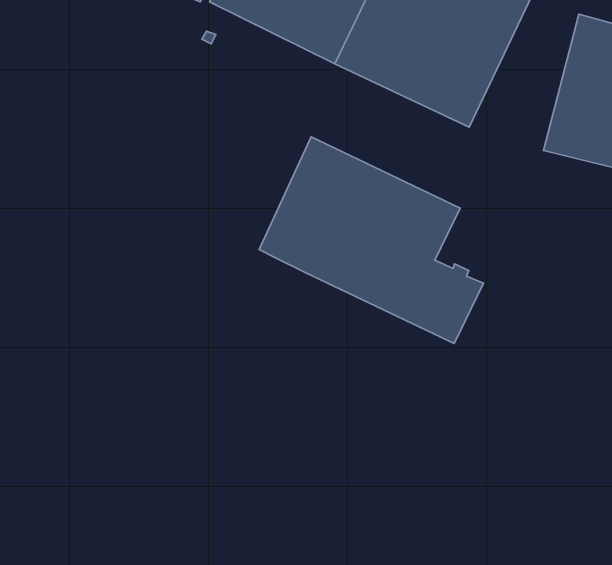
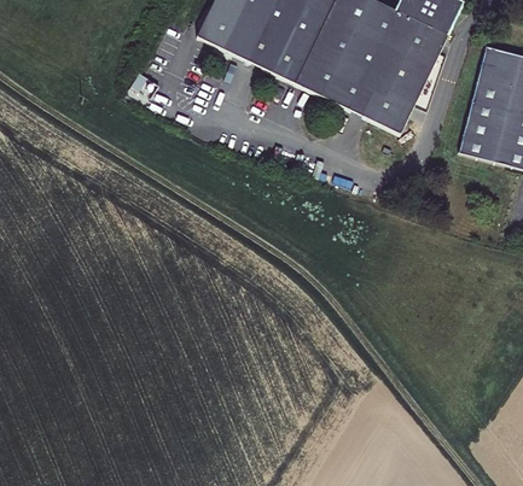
building: [259,137,483,344] -> none

